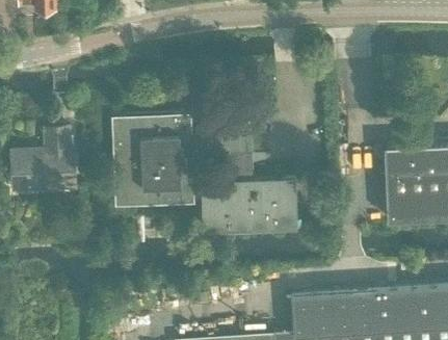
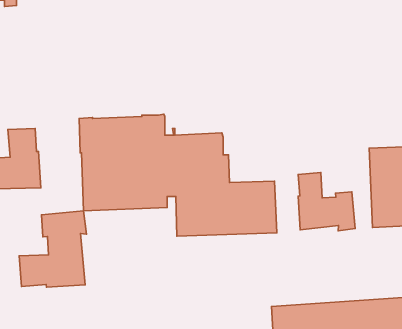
building: none -> [298,172,355,231]
building: none -> [19,211,86,287]

